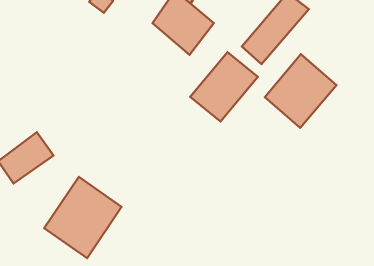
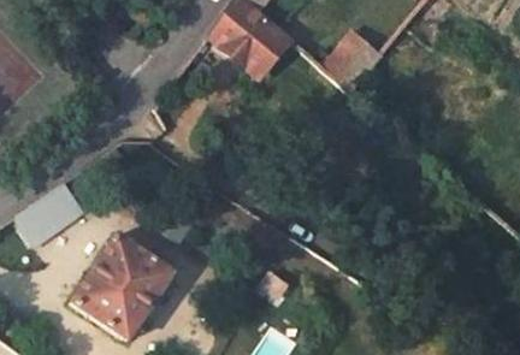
building: [190,52,258,121] -> none
building: [265,54,336,128] -> none

